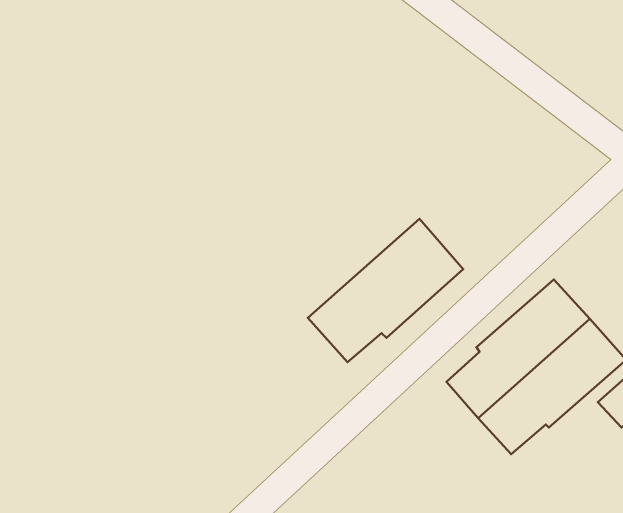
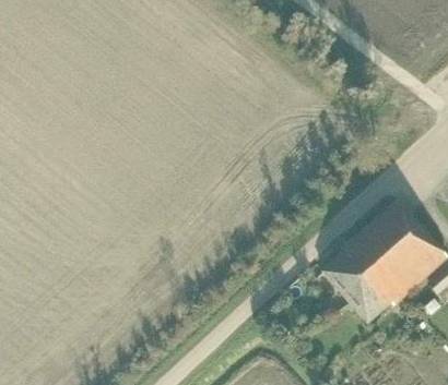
building: [308,219,463,362] -> none

